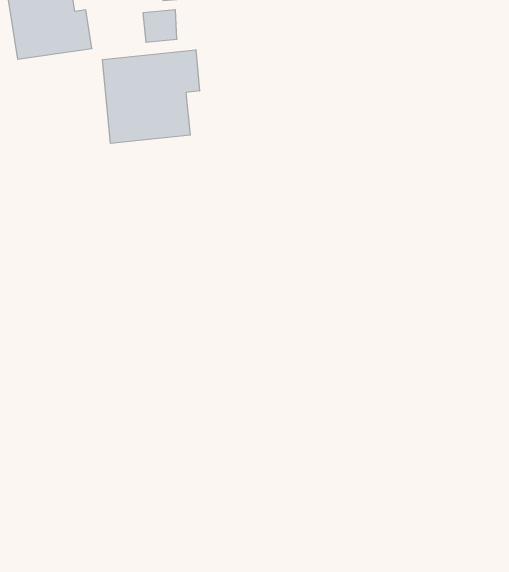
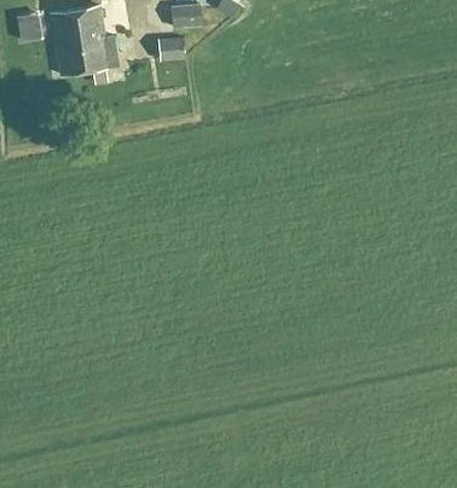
building: [102,50,200,143] -> none

